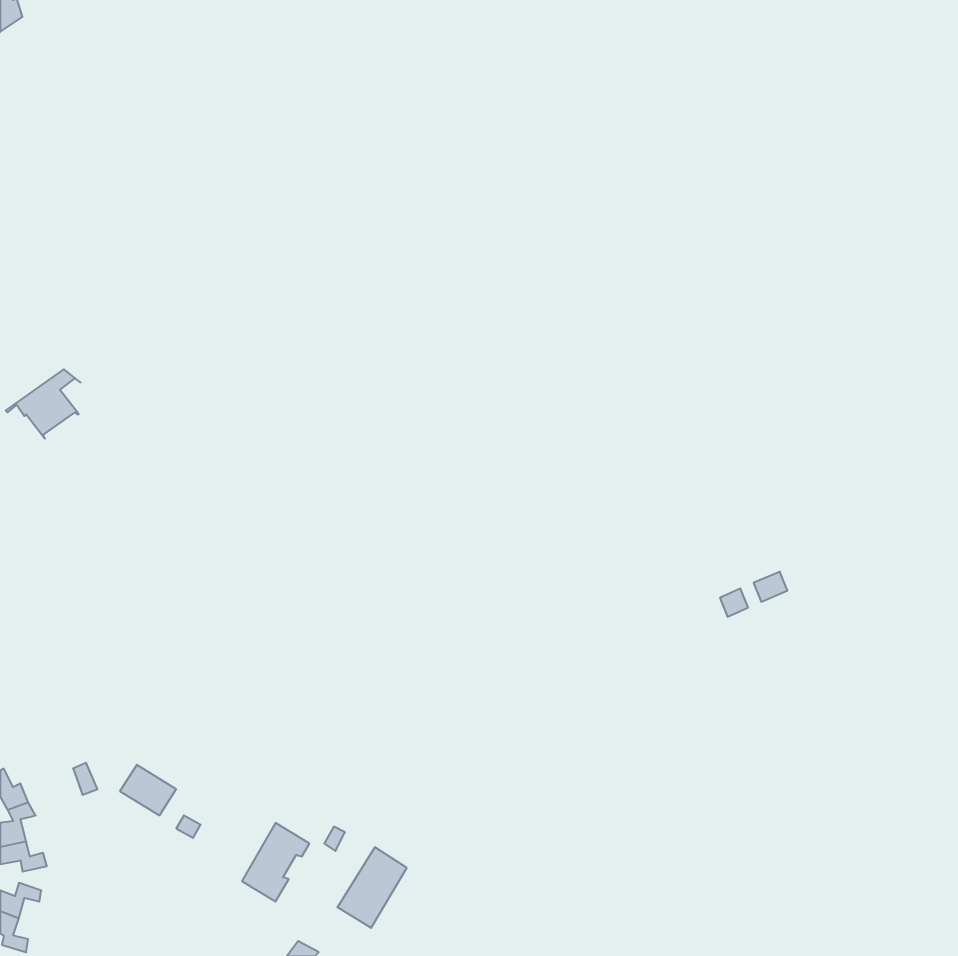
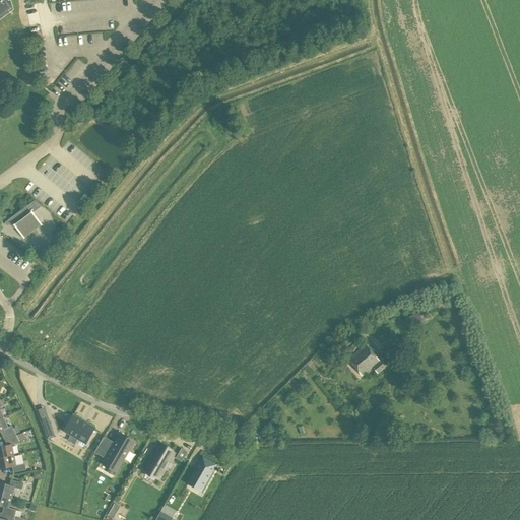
building: none -> [348,344,387,375]
building: none -> [105,434,133,465]

